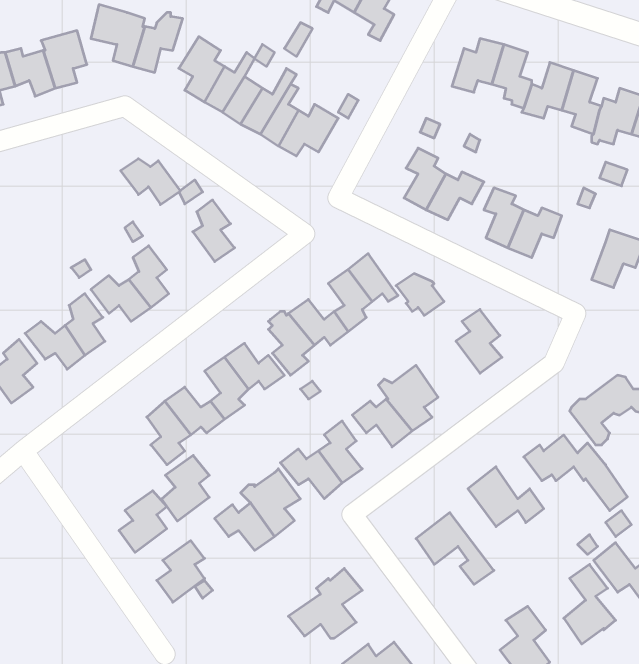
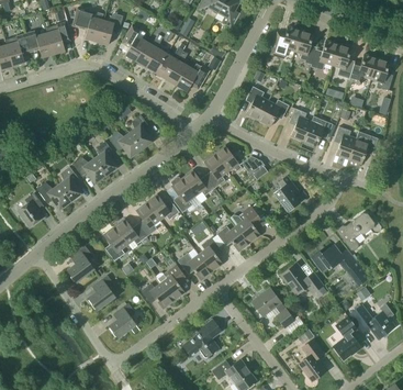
building: [121,159,180,205] -> [108,132,141,157]
building: none -> [334,126,356,159]
building: [161,455,209,521] -> [67,246,93,282]

